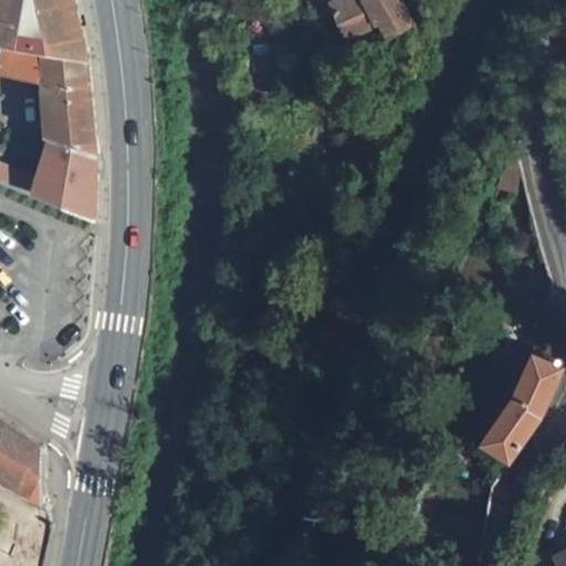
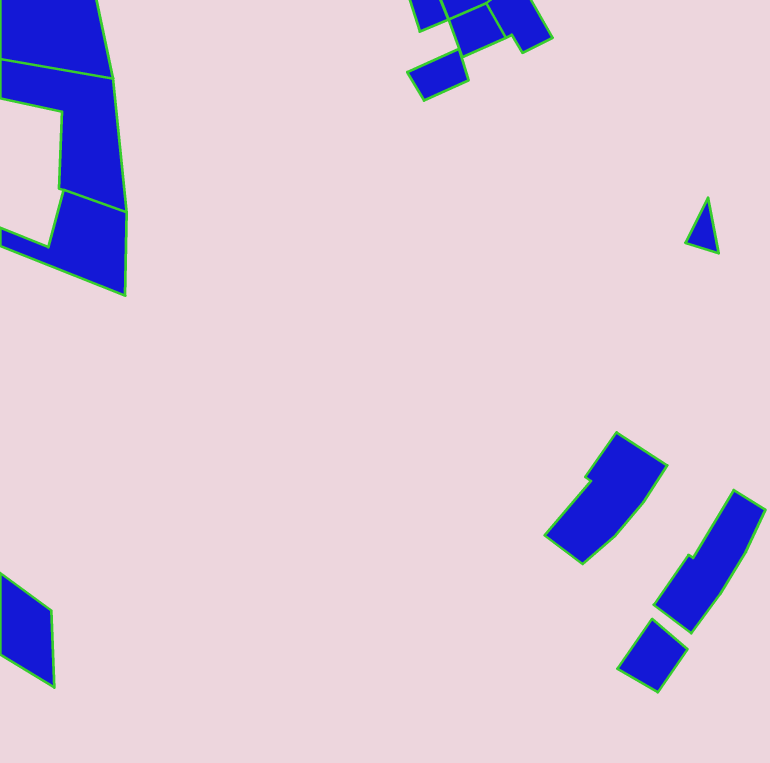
building: none -> [407,49,468,101]
building: none -> [545,432,667,564]
building: none -> [617,619,687,692]

